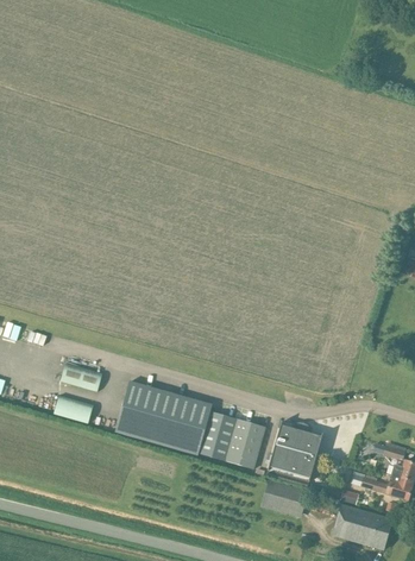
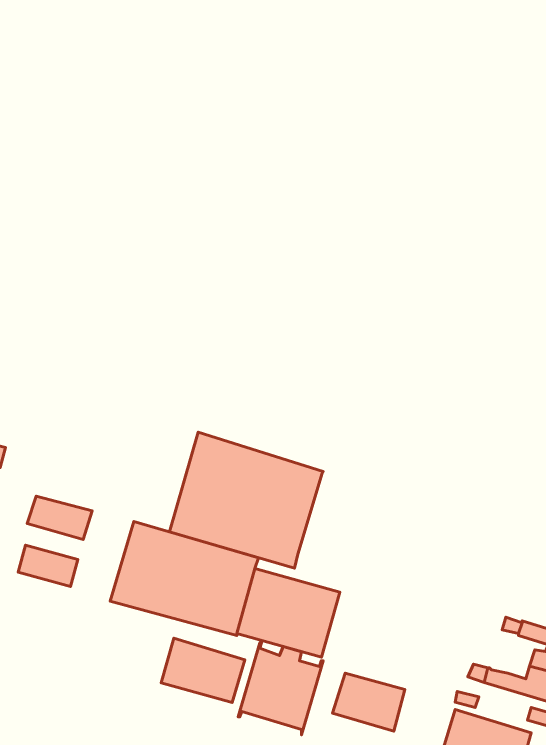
building: none -> [170,432,323,568]
building: [268,421,323,481] -> [238,643,323,735]
building: none -> [161,638,245,702]

